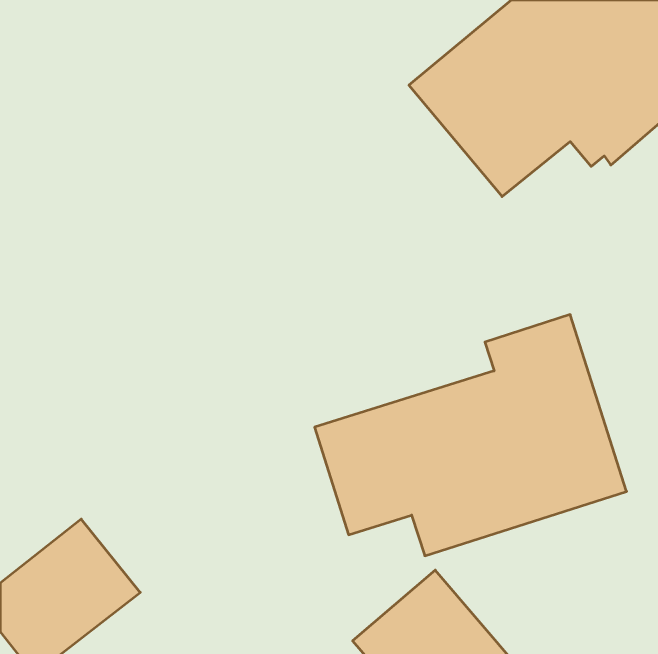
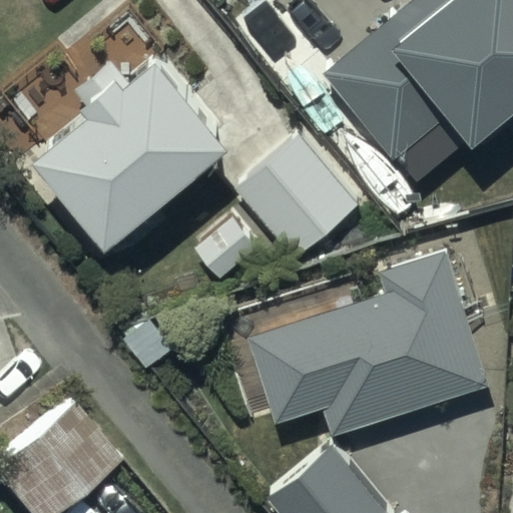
building: none -> [35,50,229,237]
building: none -> [236,139,358,262]

